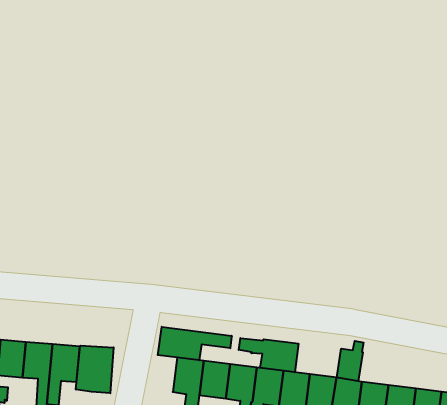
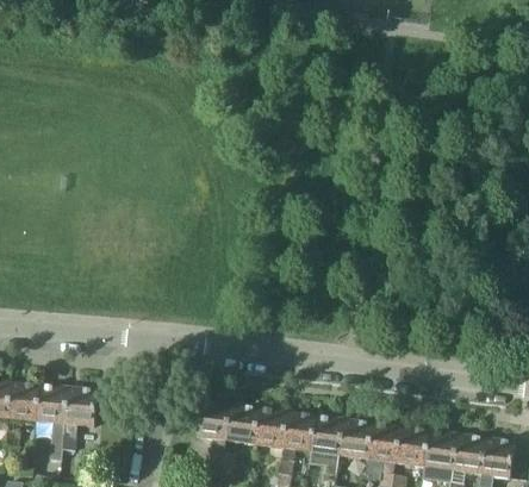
building: [158,327,232,360] -> none
building: [239,338,298,372] -> none
building: [337,341,364,381] -> none
building: [76,346,114,393] -> none

